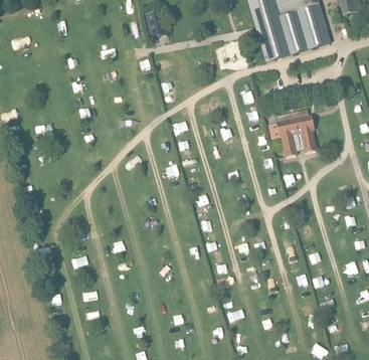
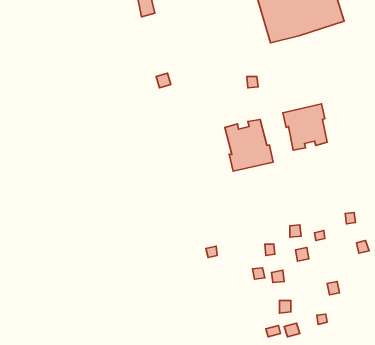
building: none -> [225,119,273,171]

